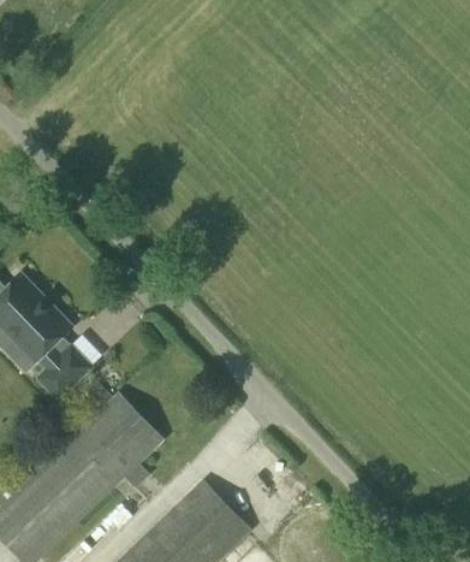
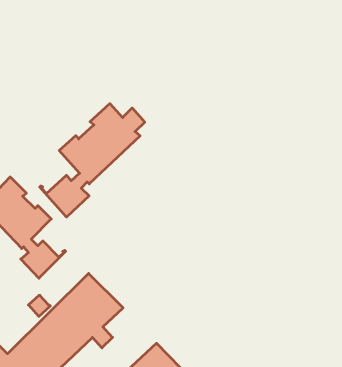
building: none -> [40,104,145,217]

